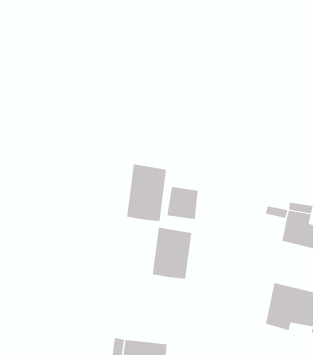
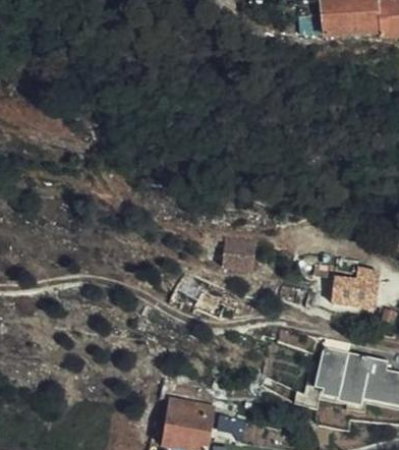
building: [126,164,167,222] -> none
building: [152,227,192,280] -> none

